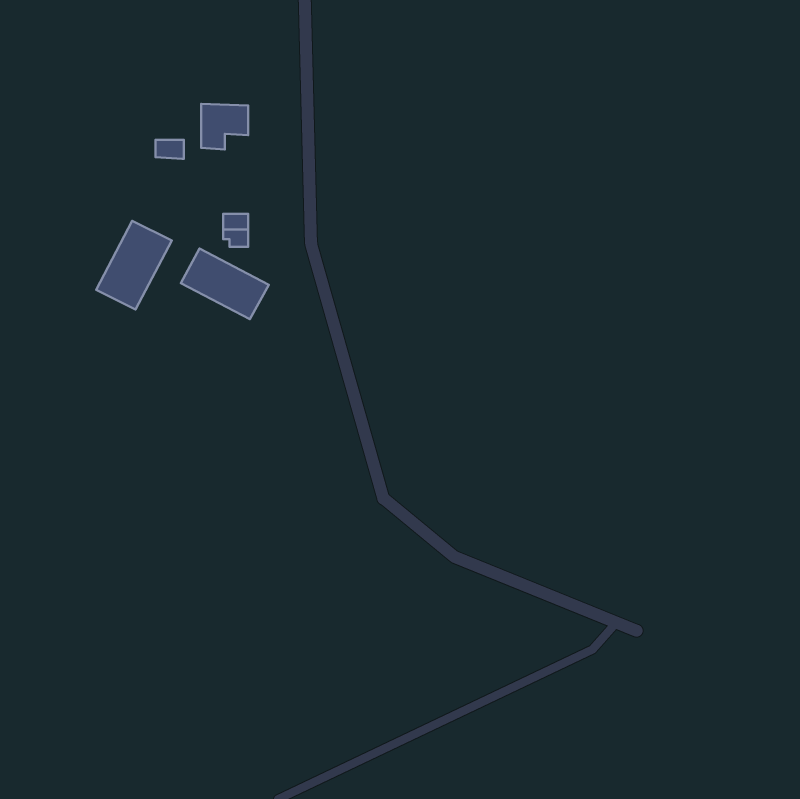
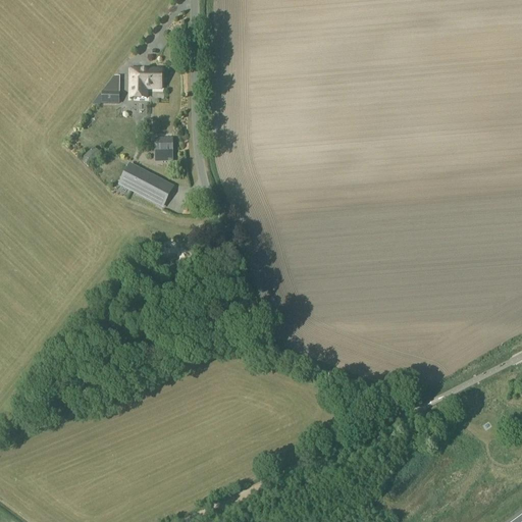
building: [96,221,172,310] -> none

